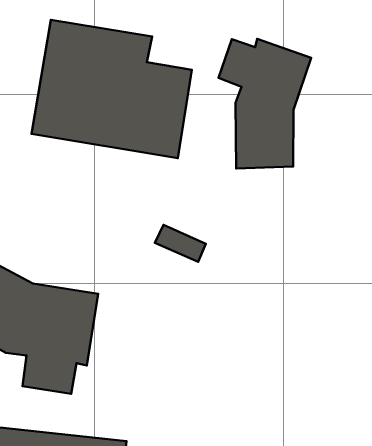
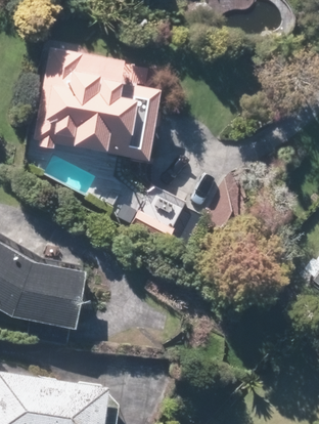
building: [219,39,311,169] -> none

